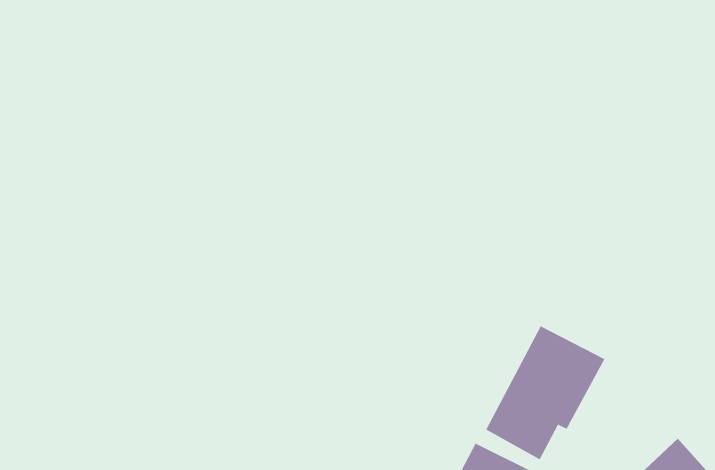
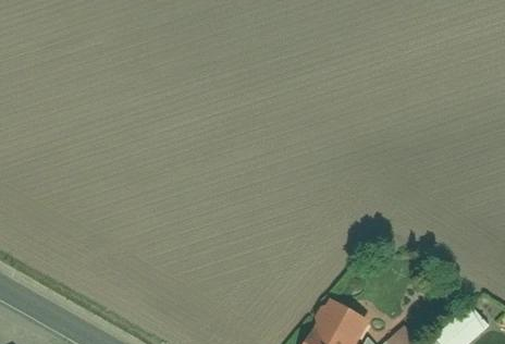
building: [485,325,605,460] -> none

